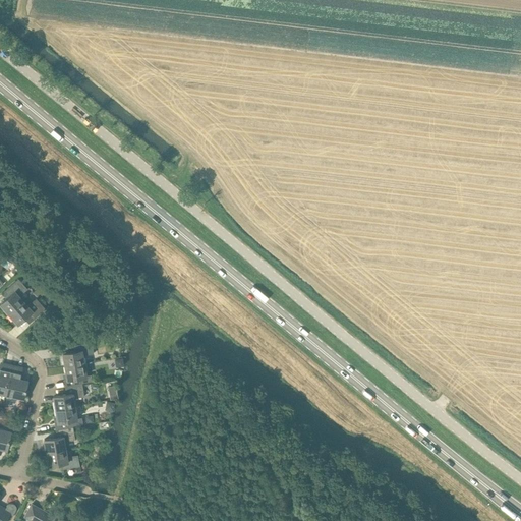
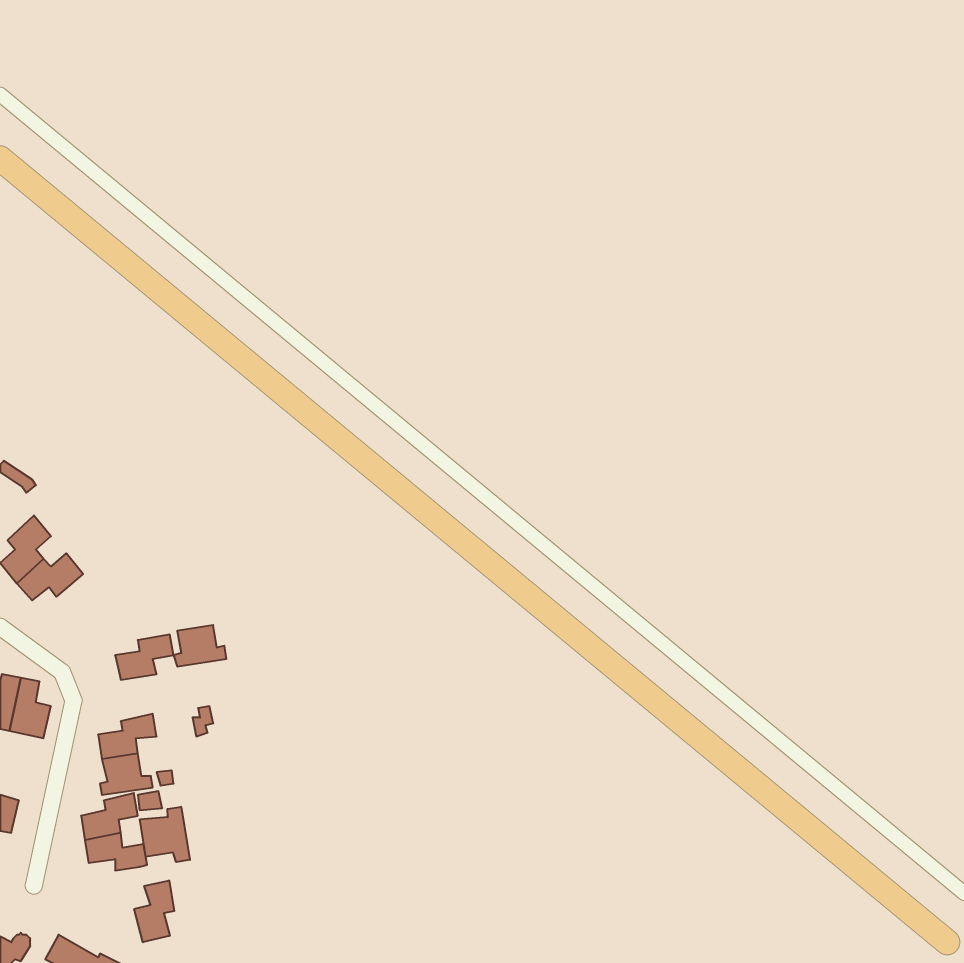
building: [63,364,92,387] -> [174,625,226,667]
building: none -> [140,807,190,862]
building: none -> [134,880,174,942]

